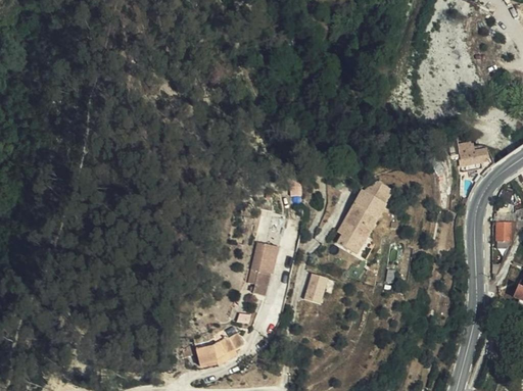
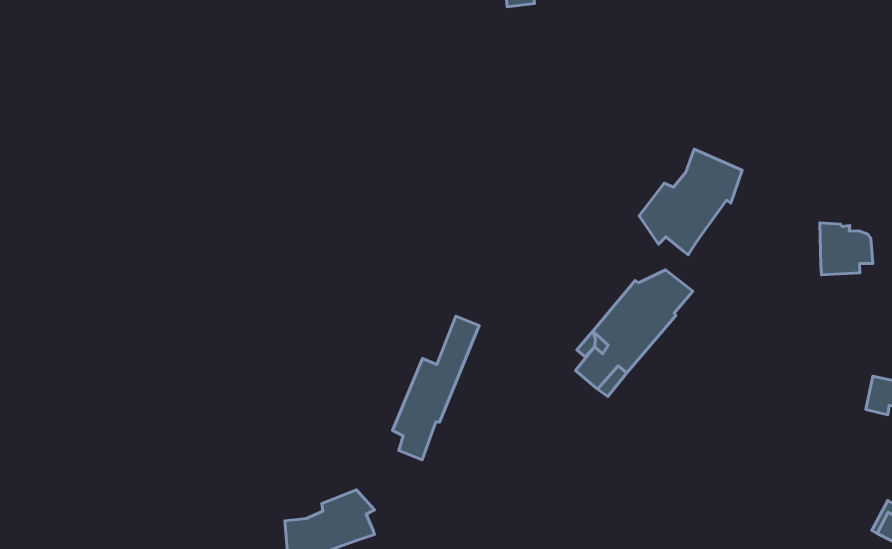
building: none -> [639,149,742,255]
building: [304,270,328,300] -> none

